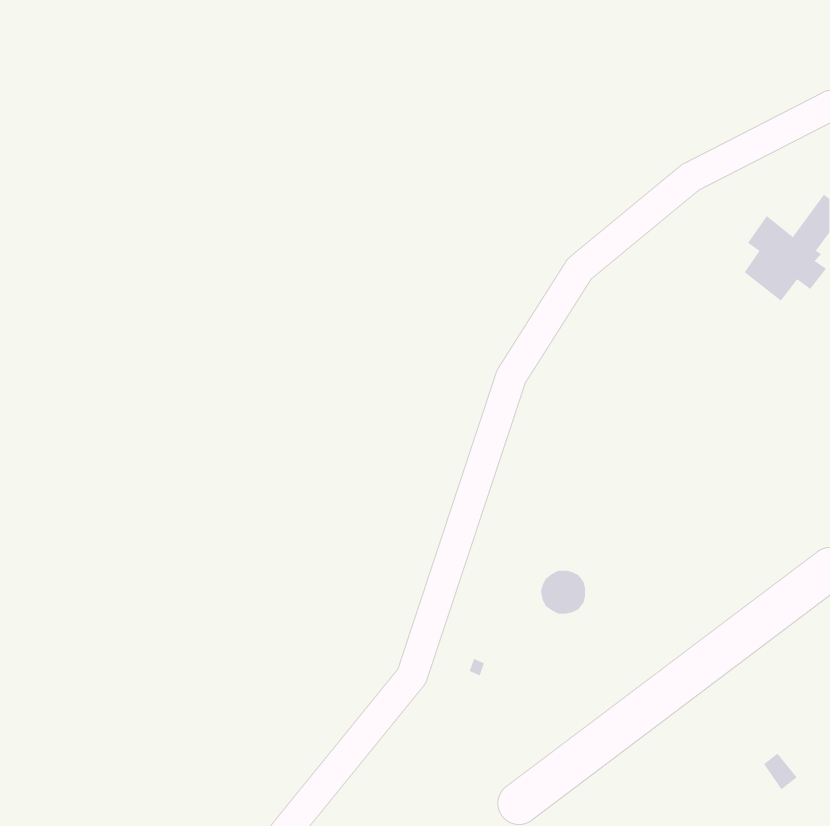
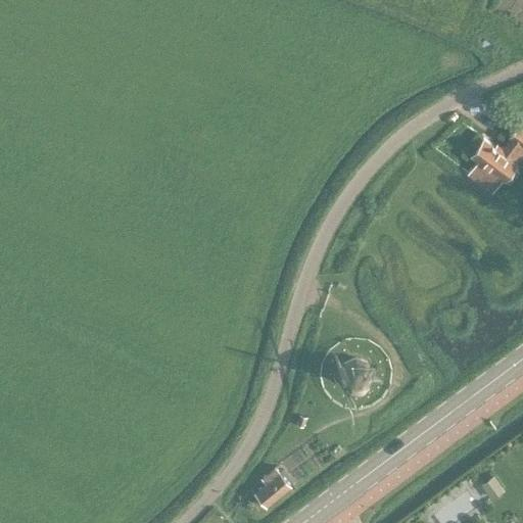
building: none -> [251,468,288,508]

